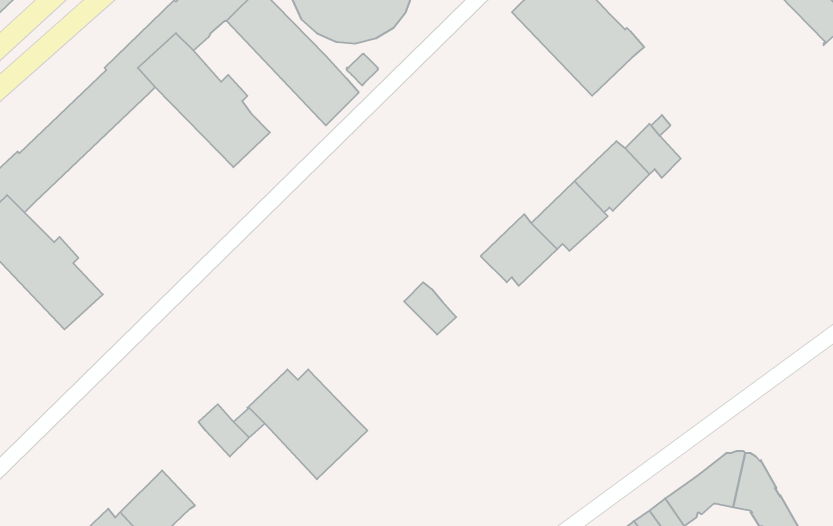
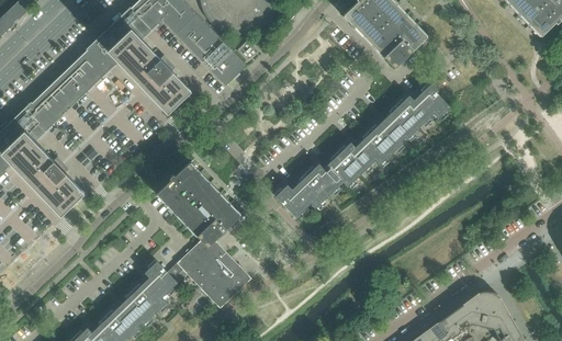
building: none -> [157,162,239,247]
building: none -> [292,164,339,208]
building: none -> [122,279,166,326]

